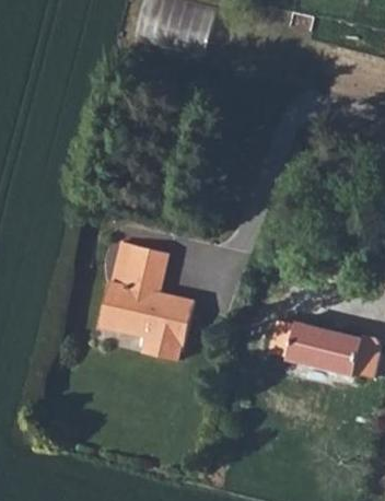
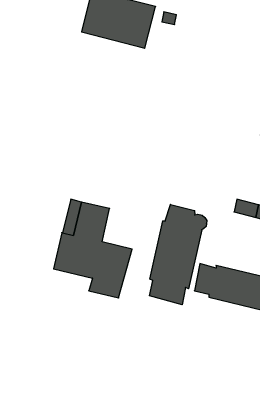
building: none -> [149,204,207,305]

